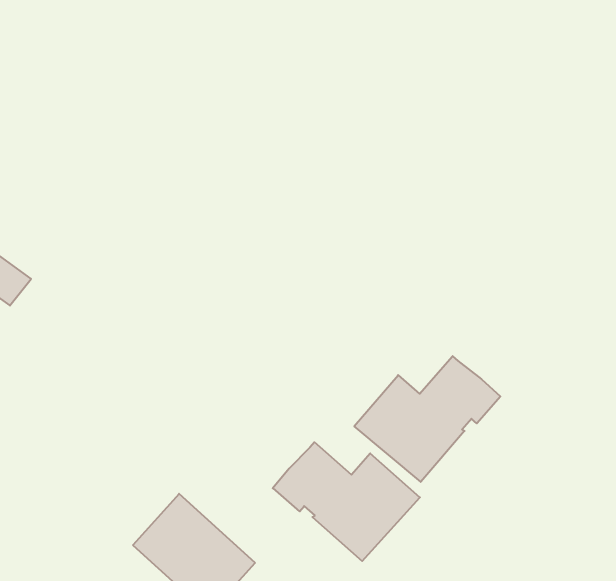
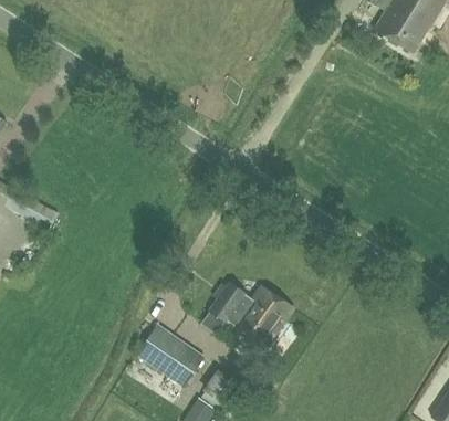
building: [354,356,500,482] -> none

